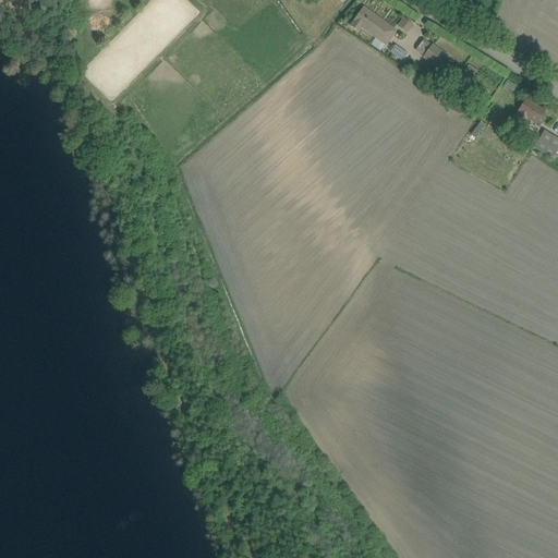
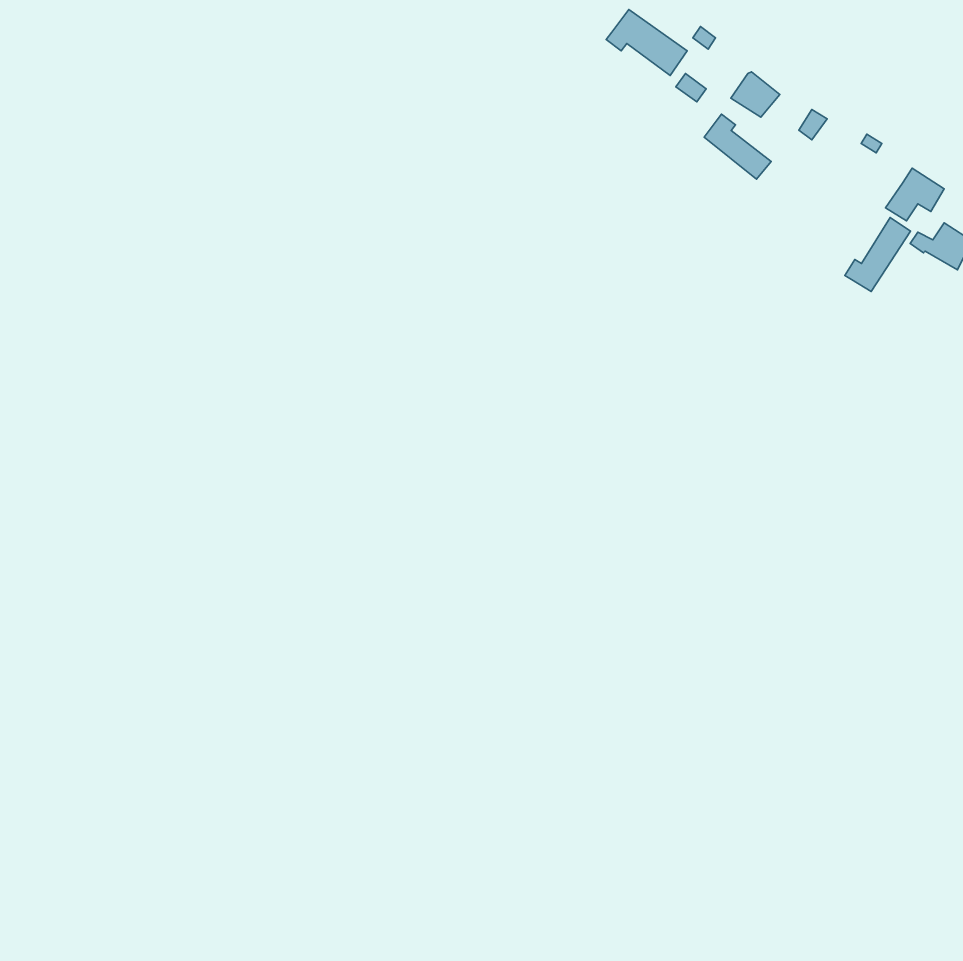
building: none -> [704,114,771,179]
building: none -> [845,218,910,291]

